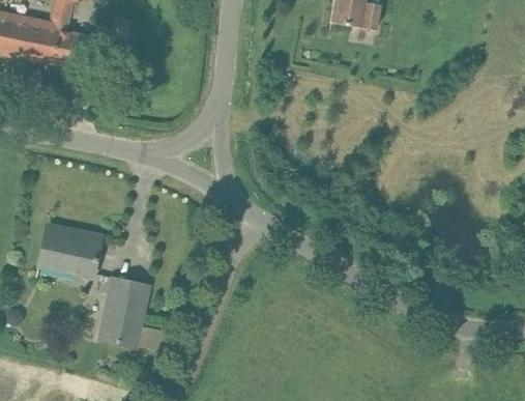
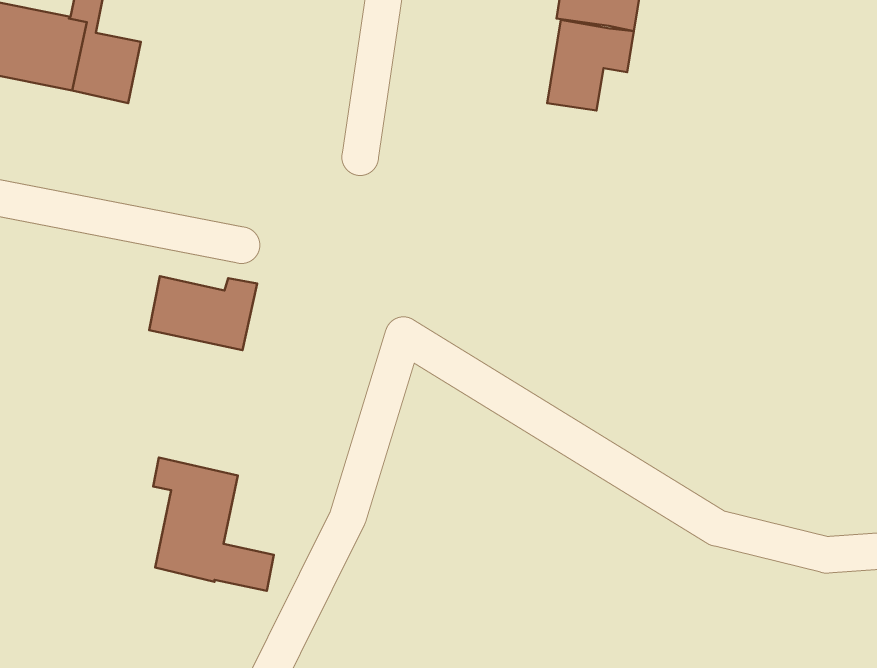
building: none -> [547,20,634,111]
building: [38,231,100,274] -> [149,276,257,350]

